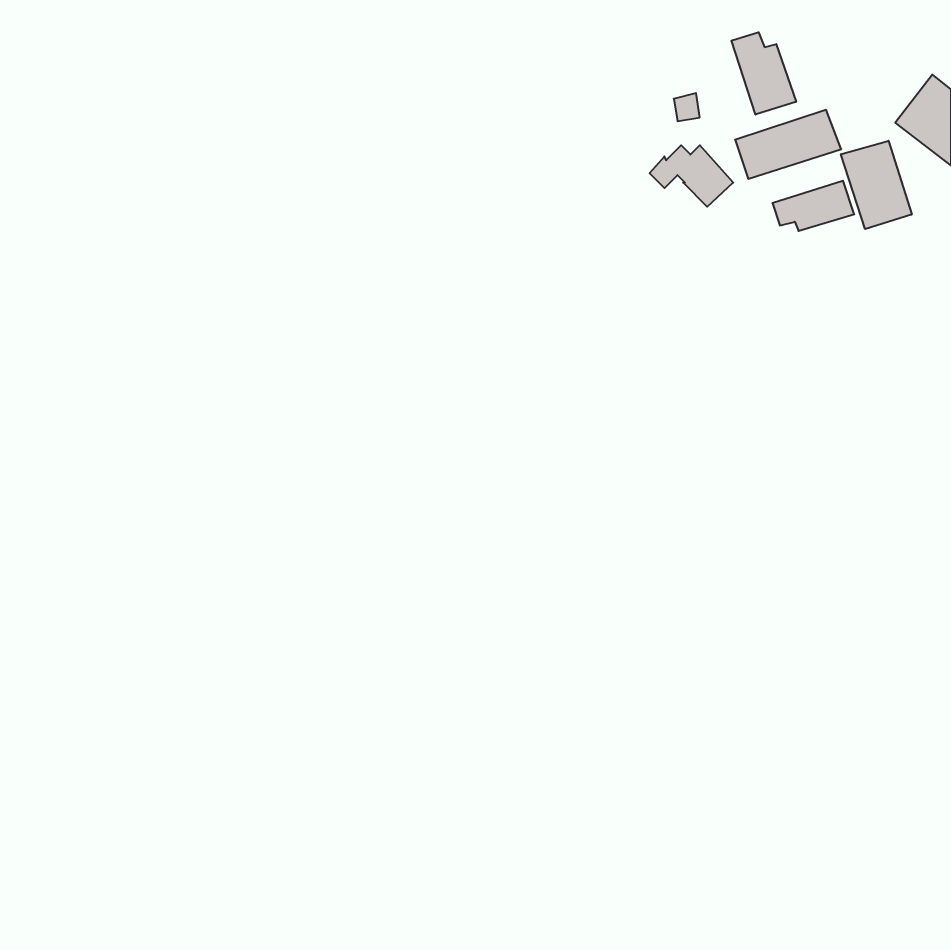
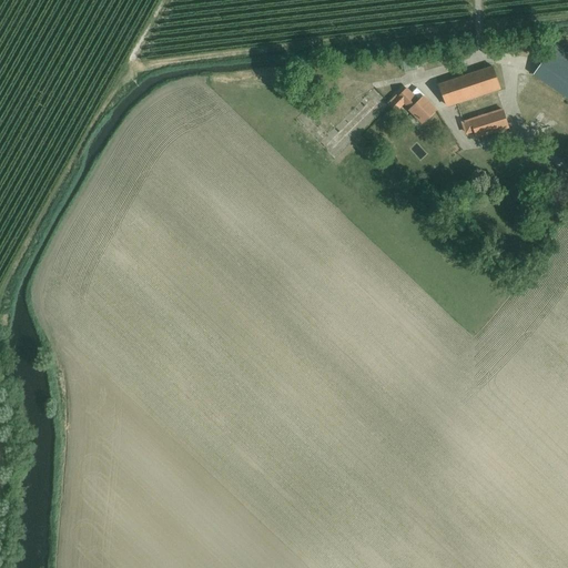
building: [731,32,796,115] -> none
building: [841,141,912,229] -> none

